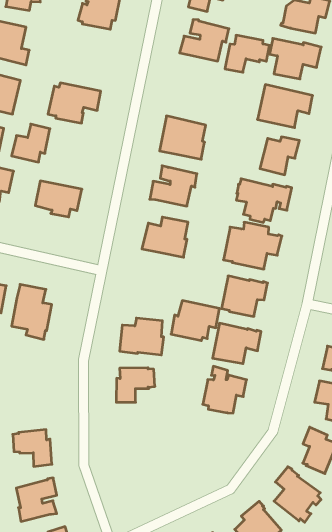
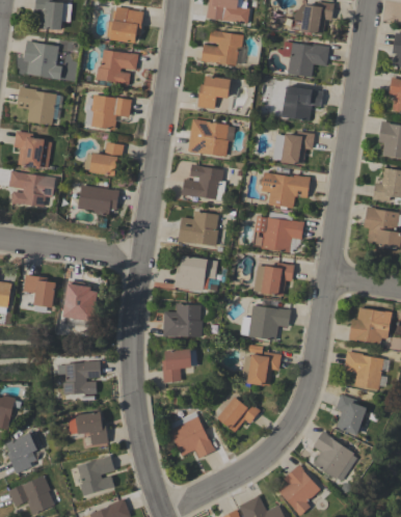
building: none -> [96,49,138,85]
building: [225,35,270,72] -> [197,76,237,109]
building: [12,124,50,162] -> [90,141,124,175]
building: [171,301,219,341] -> [175,255,217,291]
building: none -> [63,361,101,394]
building: none -> [217,397,260,432]
building: none -> [167,412,215,458]

